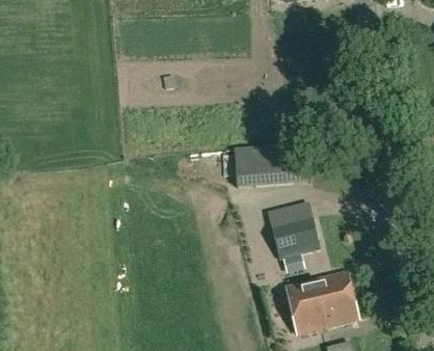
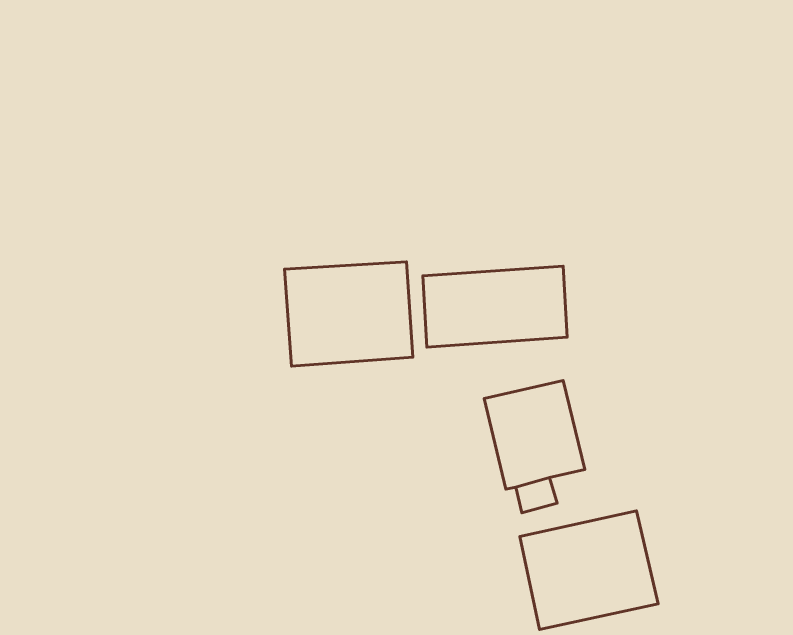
building: none -> [285,262,413,366]

